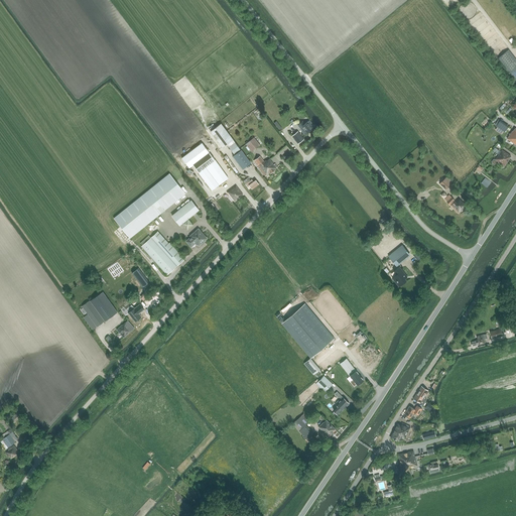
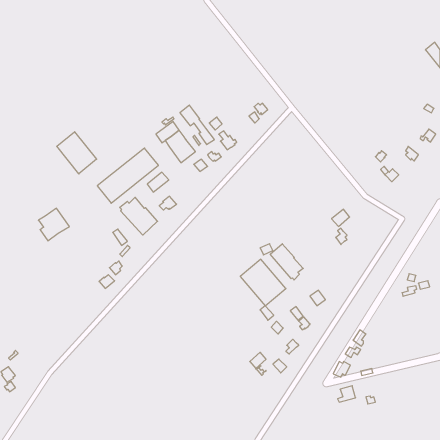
building: none -> [57,132,97,174]
building: none -> [270,244,303,280]
building: [82,291,118,330] -> [38,208,69,241]

